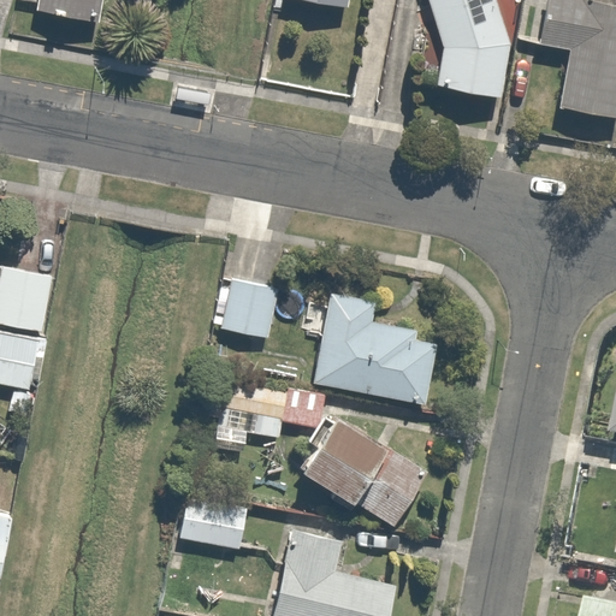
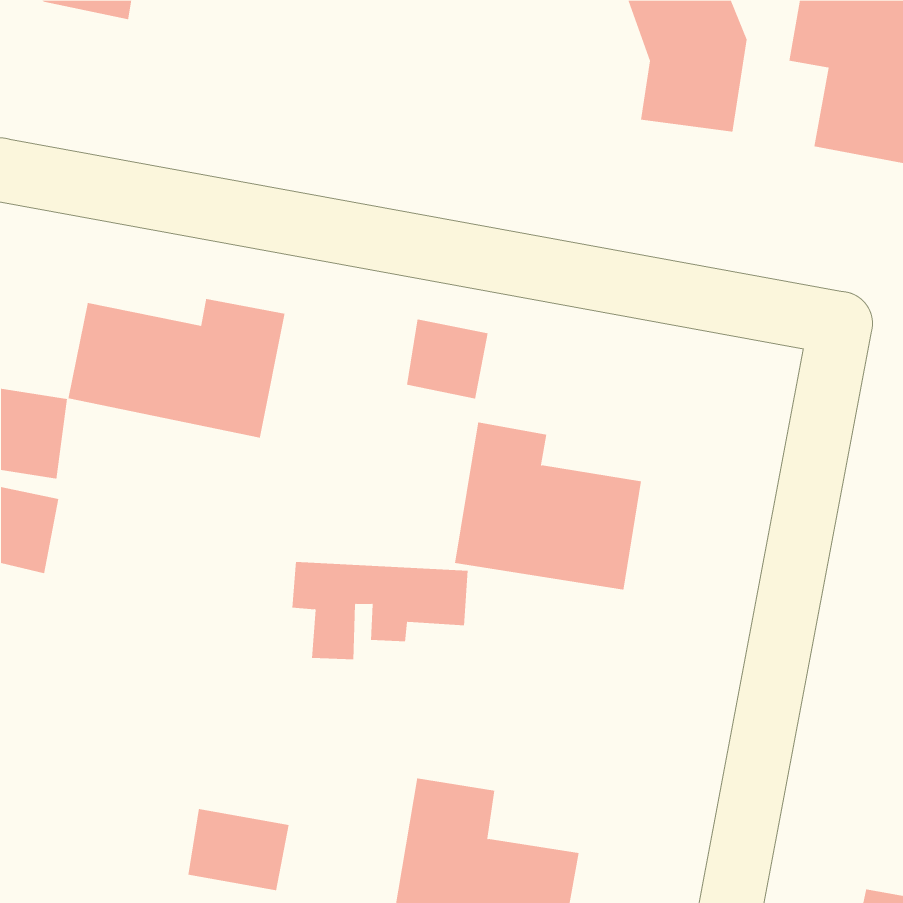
building: none -> [68,298,285,438]
building: [223,282,278,336] -> [406,319,488,399]
building: [298,410,424,523] -> none
building: [180,496,249,551] -> [188,809,289,891]

